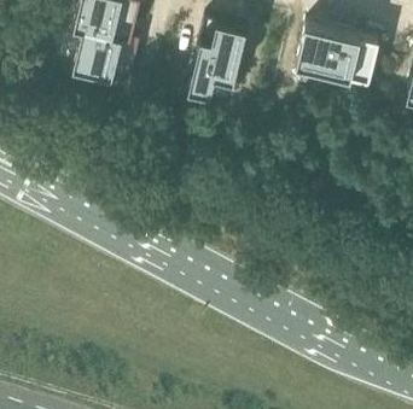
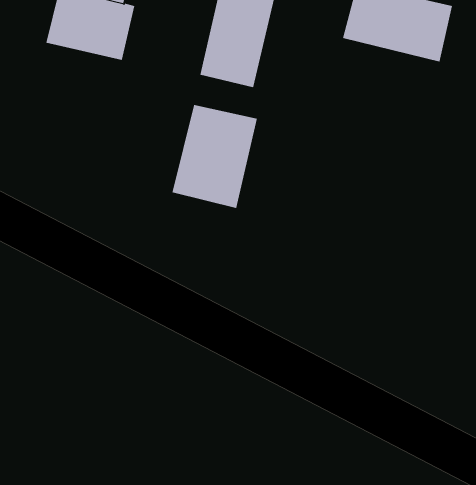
building: none -> [172,104,258,209]

